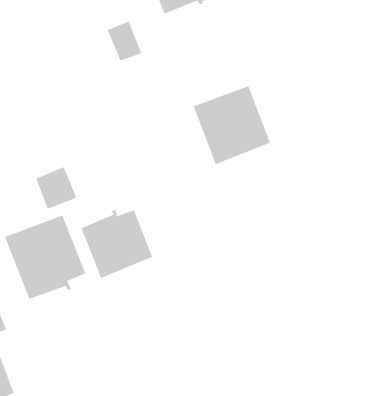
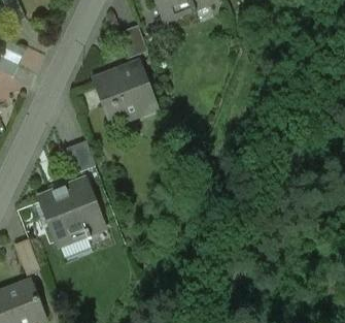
building: [193,85,271,165] -> [94,60,156,123]
building: [81,209,153,279] -> none

